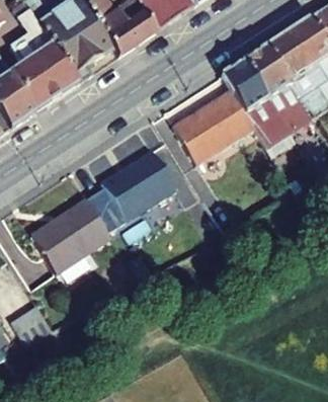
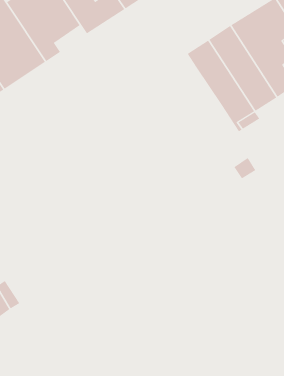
building: [173,87,256,162] -> none
building: [102,149,176,218] -> none
building: [35,197,111,279] -> none

